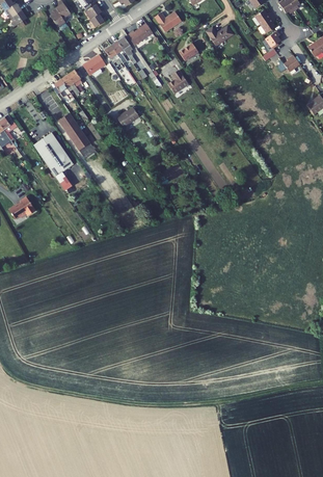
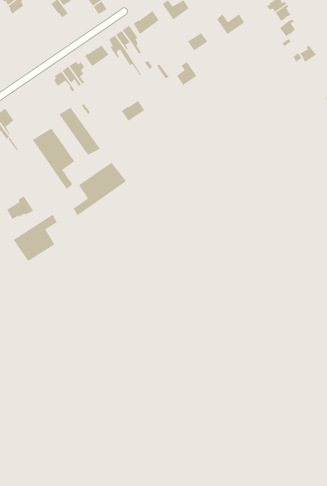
building: none -> [73,162,127,216]
building: none -> [13,214,58,262]

